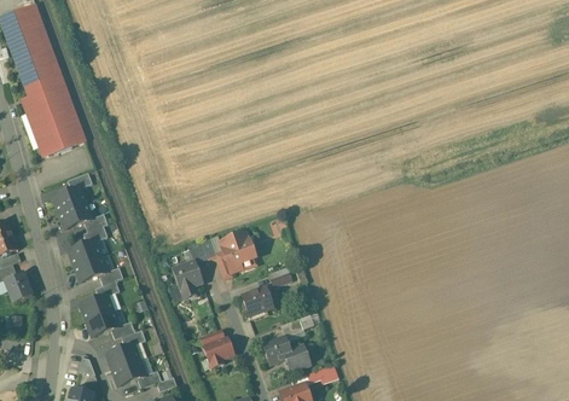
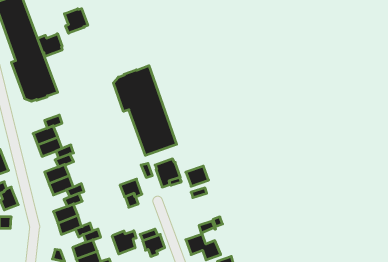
building: none -> [64,9,88,33]
building: none -> [38,34,62,57]
building: none -> [113,66,177,155]
building: [242,286,273,314] -> [186,166,209,186]
building: none -> [112,231,136,254]

